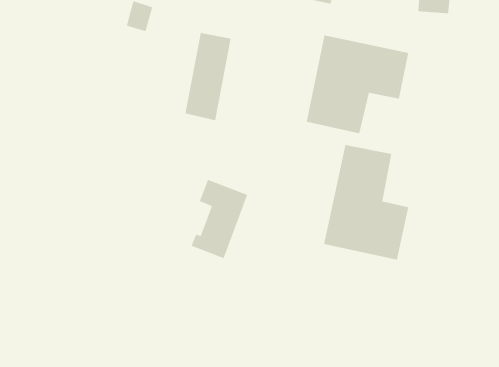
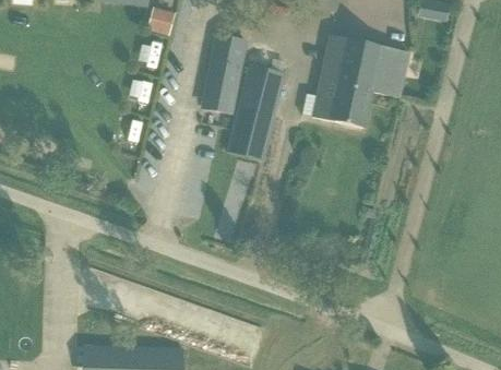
building: none -> [227,65,285,160]
building: [323,144,409,260] -> none

